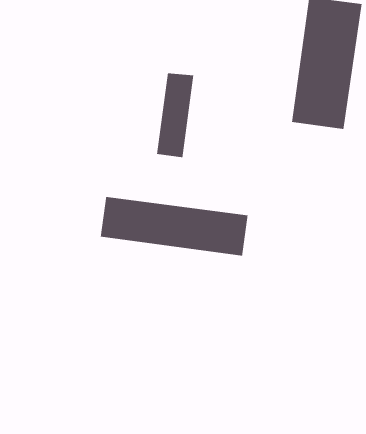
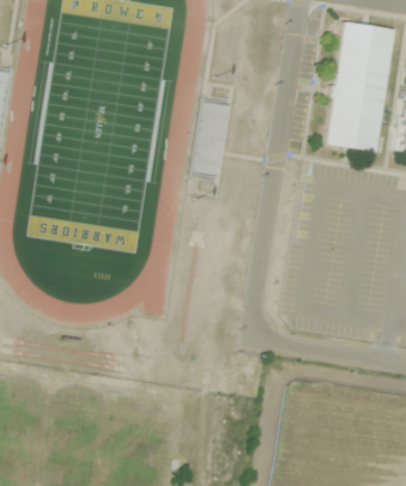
building: [100,196,248,257] -> none

